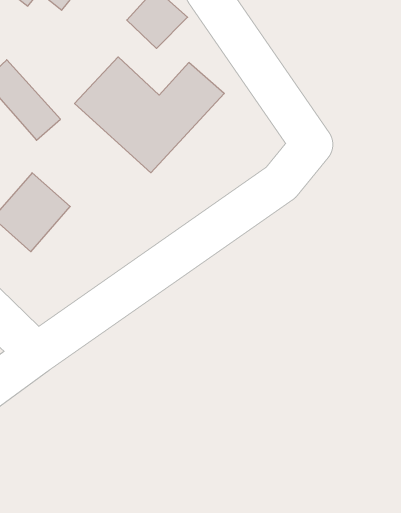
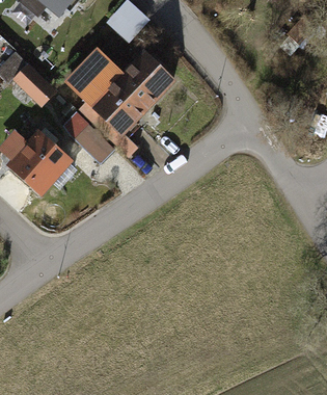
building: none -> [60,110,116,163]

